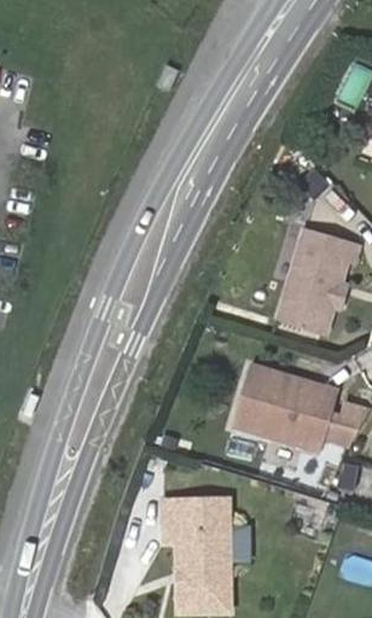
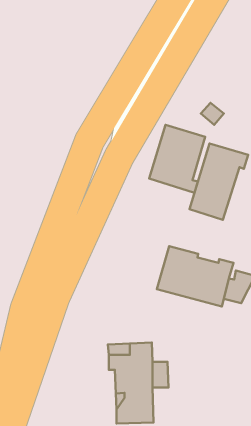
building: none -> [149,125,205,193]

